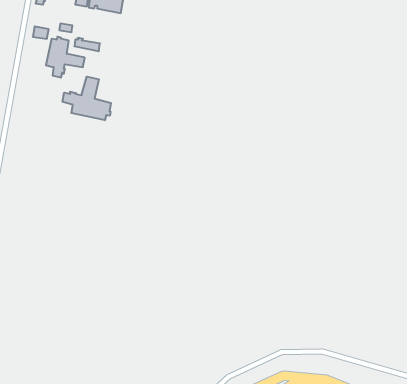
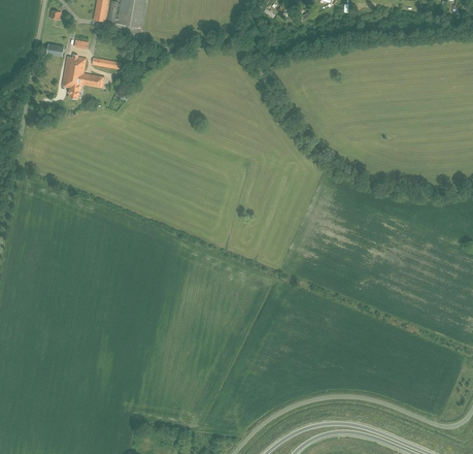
building: [62,77,111,120] -> none

